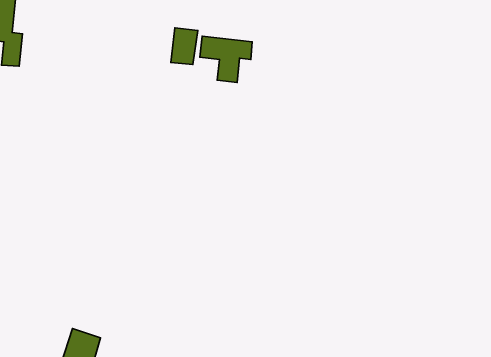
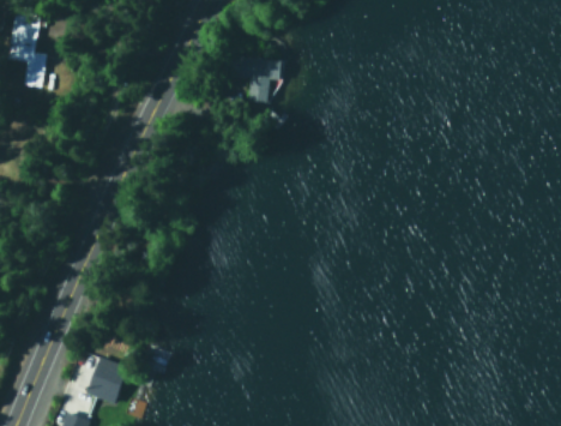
building: [171,28,198,65] -> none

